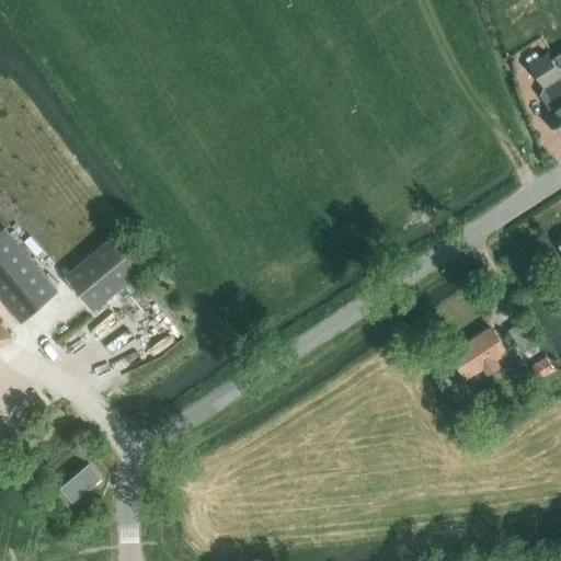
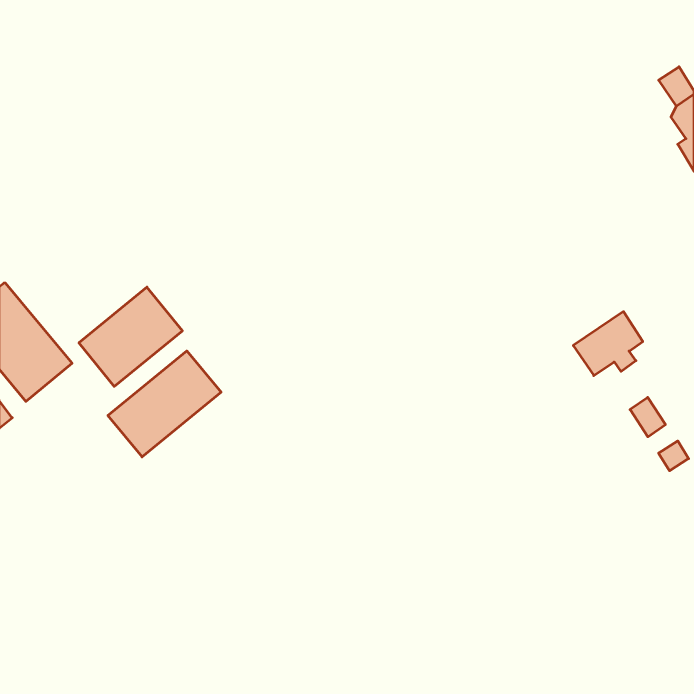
building: none -> [108,351,221,457]
building: [449,328,505,379] -> [573,312,643,376]
building: [60,465,100,503] -> none

